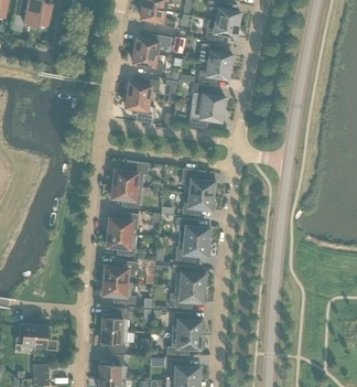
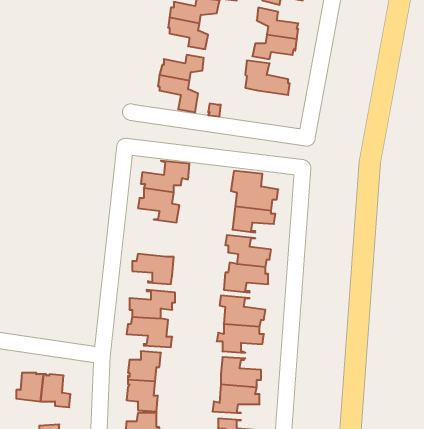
building: [188,105,225,131] -> none
building: [106,213,139,235] -> none

